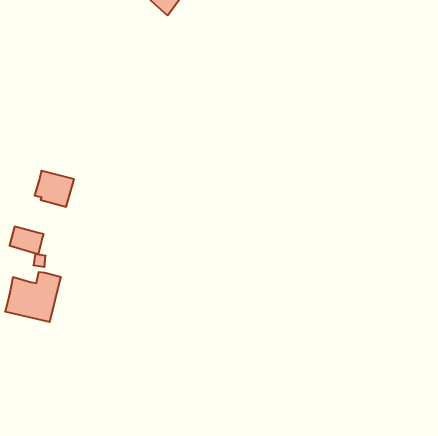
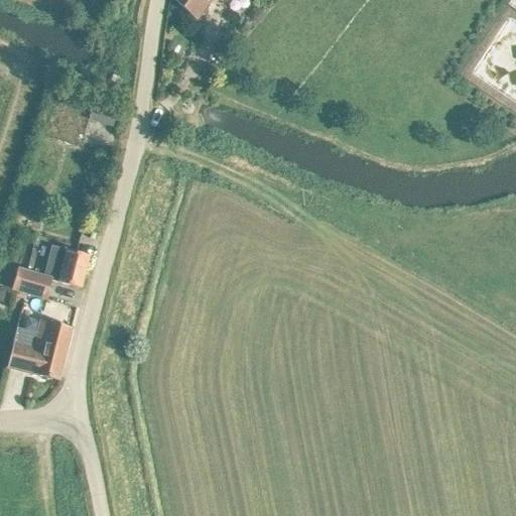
building: [35,171,74,207] -> [44,244,91,286]

